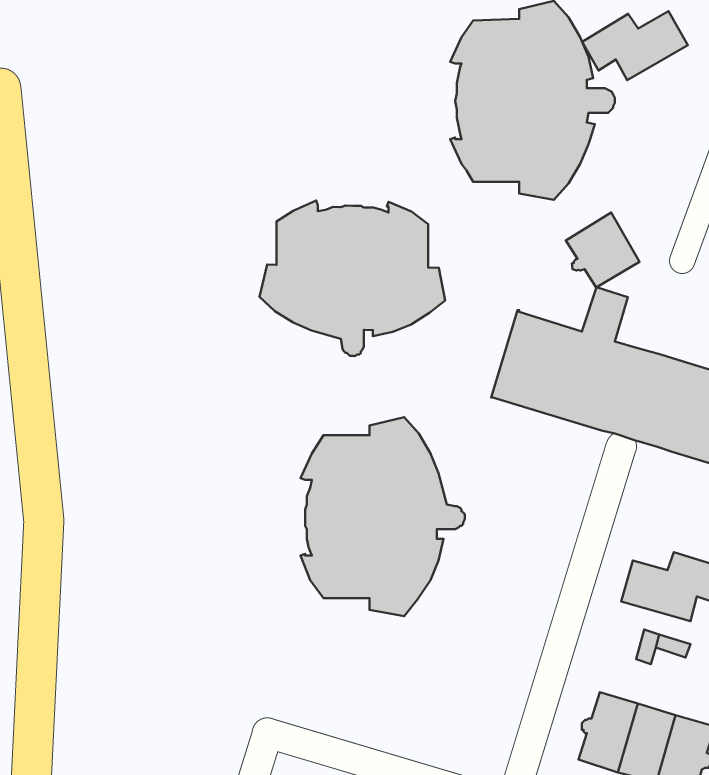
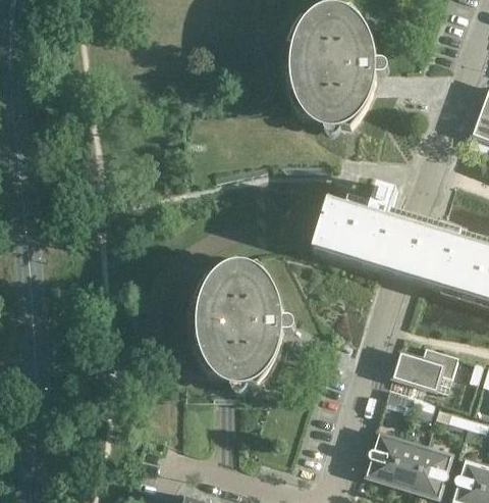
building: [582,11,688,80] -> none
building: [260,200,445,356] -> none
building: [566,213,640,288] -> none

